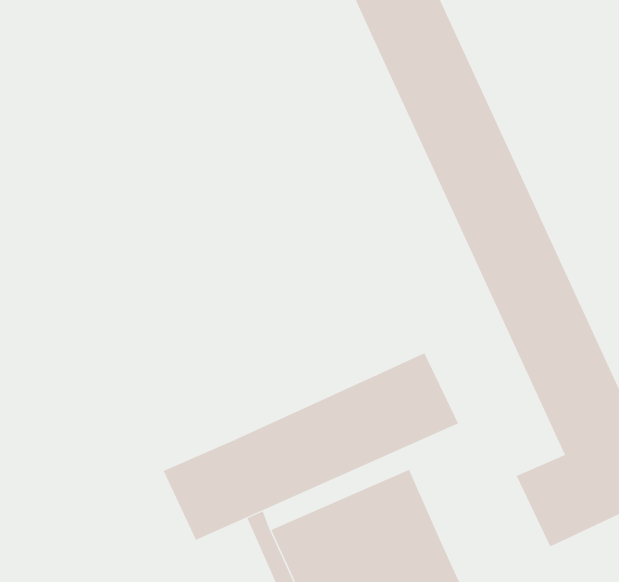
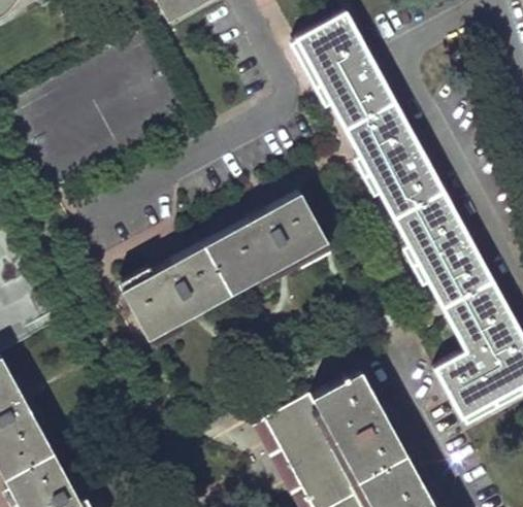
building: [163,352,459,541] -> [122,195,328,340]

